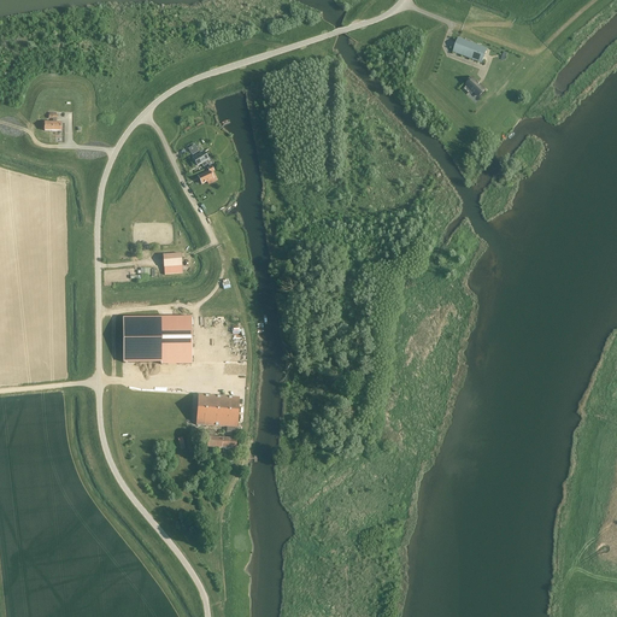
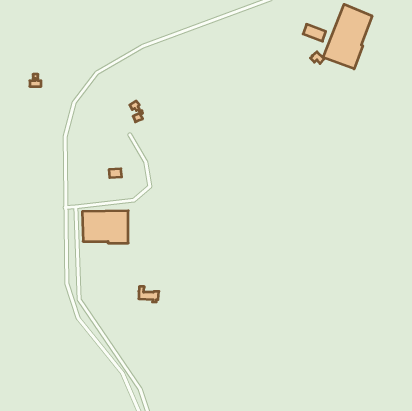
building: none -> [323,4,372,69]
building: [196,393,240,430] -> none

